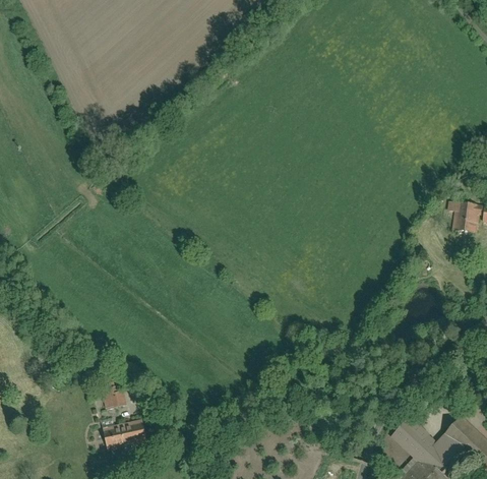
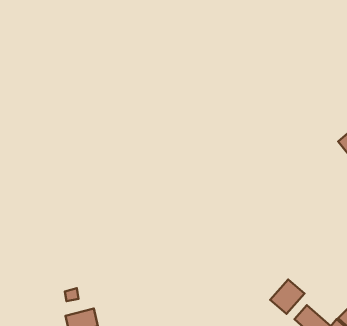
building: none -> [270,280,305,314]

